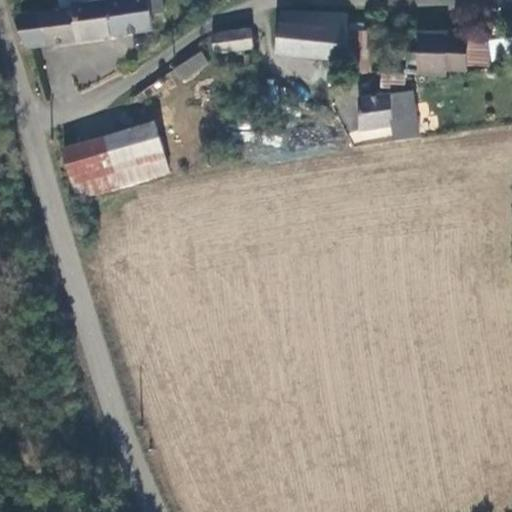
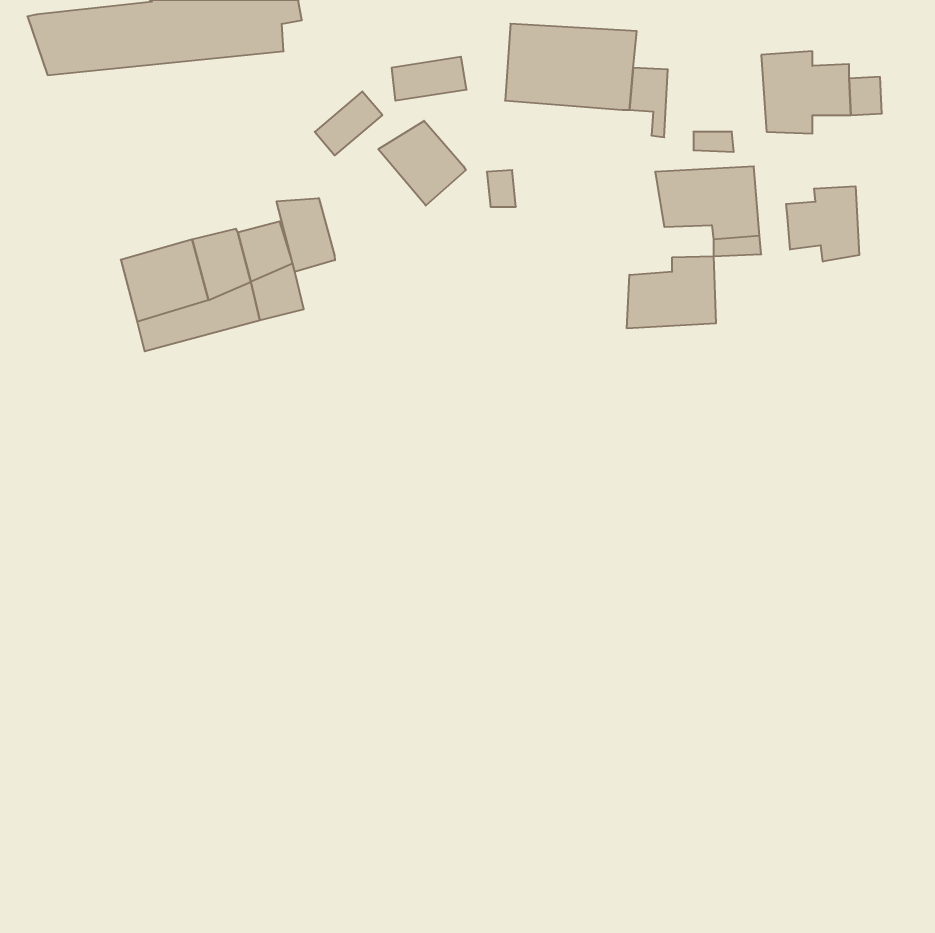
building: none -> [378,121,466,206]
building: none -> [786,186,859,262]
building: none -> [277,198,335,272]
building: none -> [627,256,716,328]

